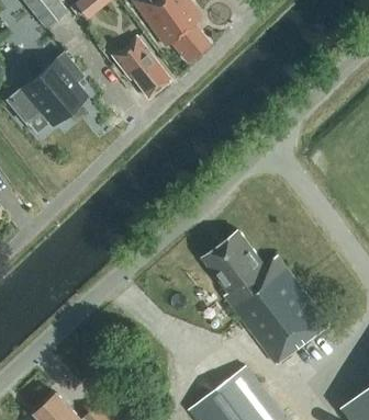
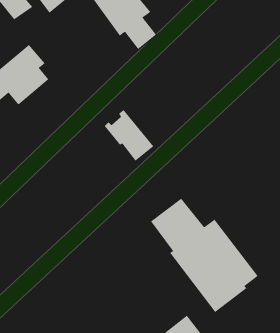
building: [110,36,168,97] -> [104,109,154,161]

